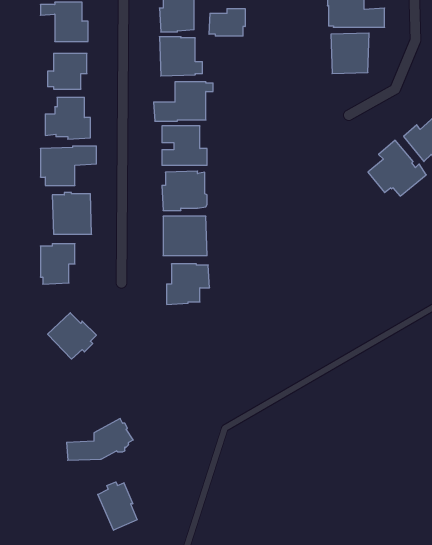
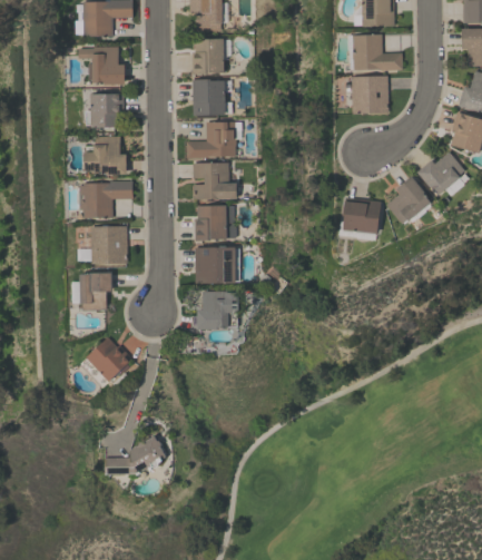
building: [209,9,245,36] -> none
building: none -> [338,200,381,239]
building: [98,482,137,530] -> none

